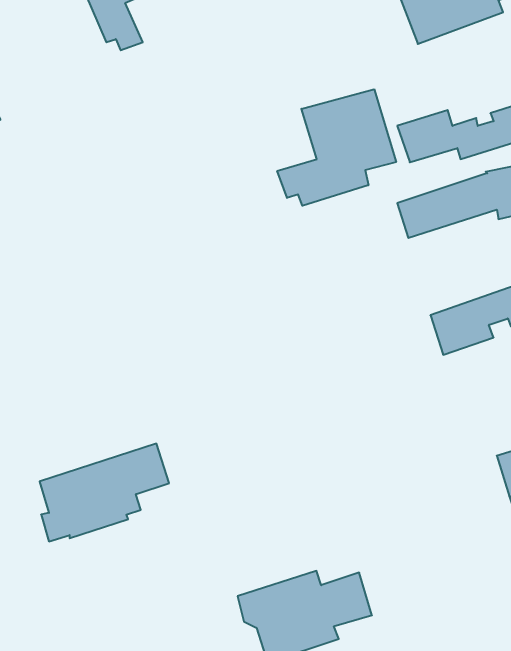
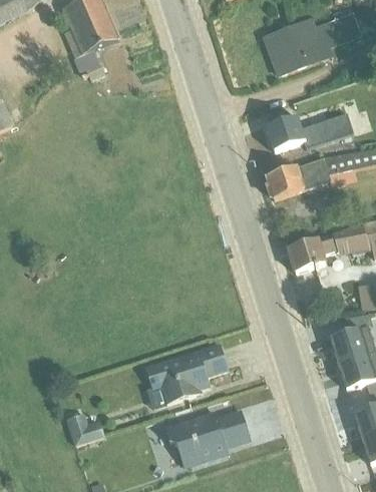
building: [277,89,396,206] -> none
building: [40,444,169,541] -> [145,344,228,406]
building: none -> [65,412,104,445]

